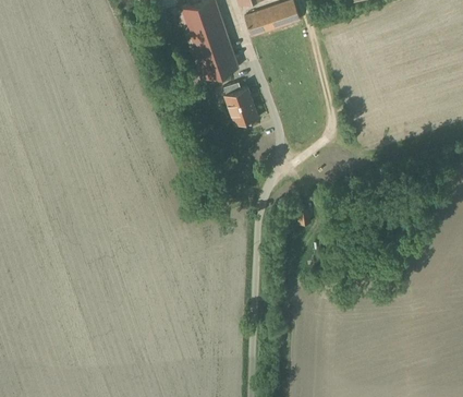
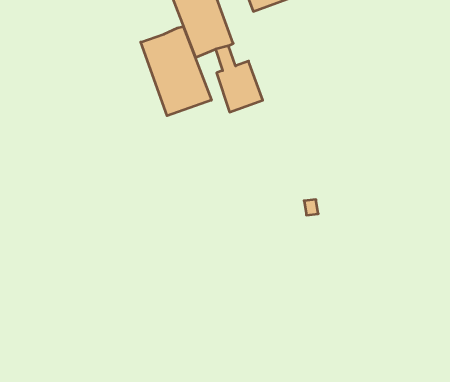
building: none -> [141,26,211,116]

